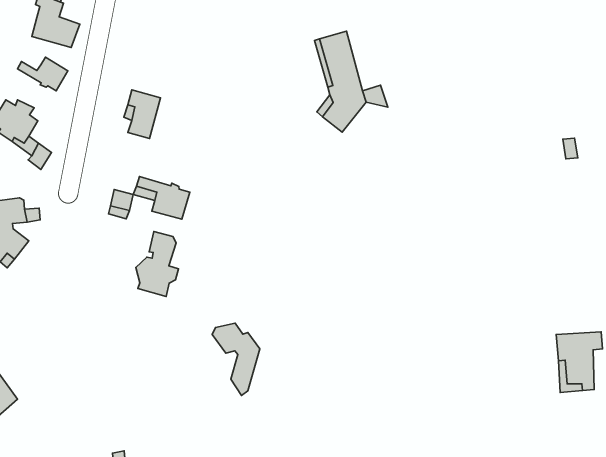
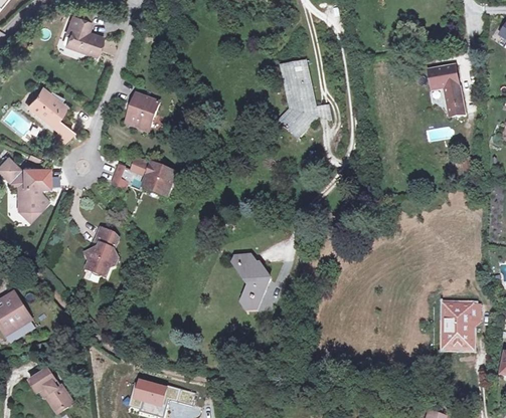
building: none -> [429,65,463,116]
building: [17,57,68,91] -> none
building: [136,231,178,297] -> [88,225,120,275]
building: [212,323,260,395] -> [230,250,266,305]

